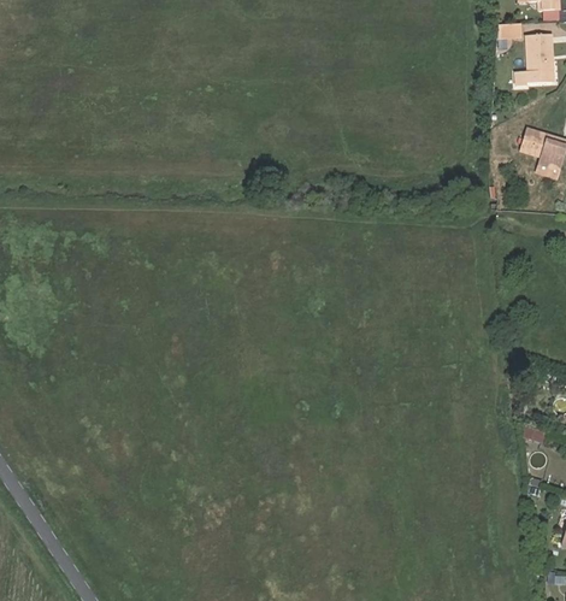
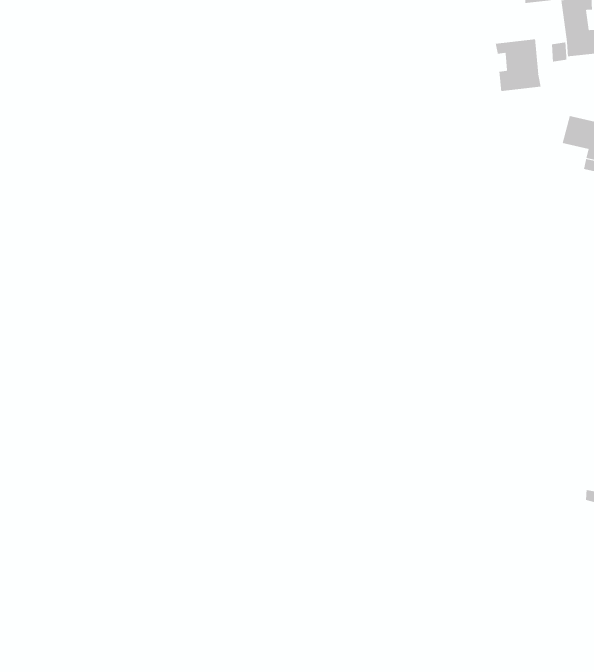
building: none -> [495,38,541,92]

